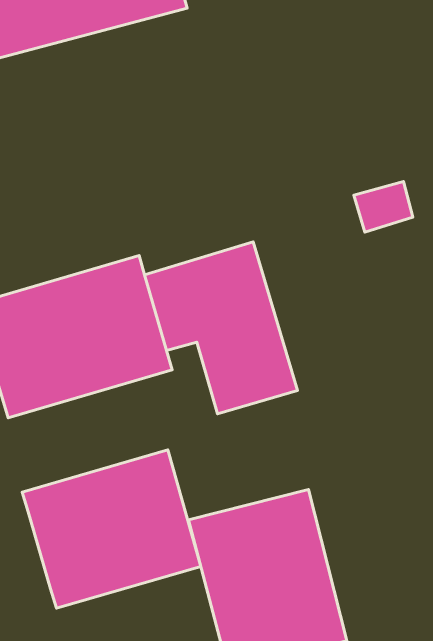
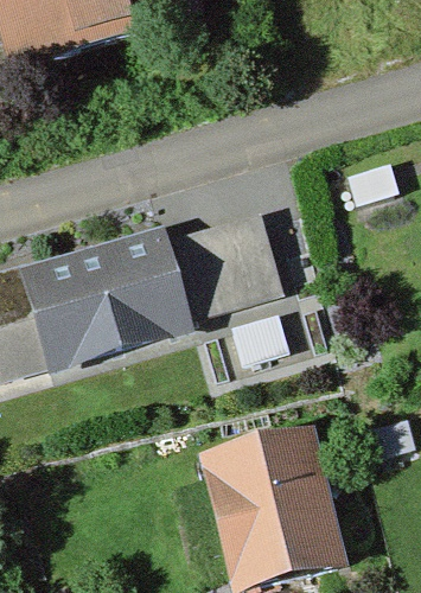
building: [22,450,201,608] -> none

